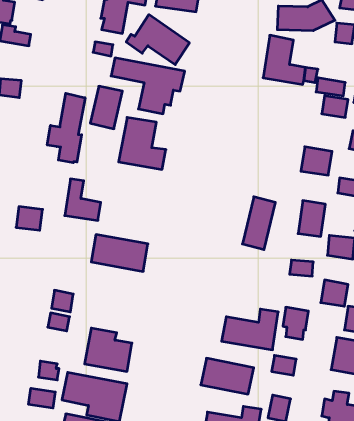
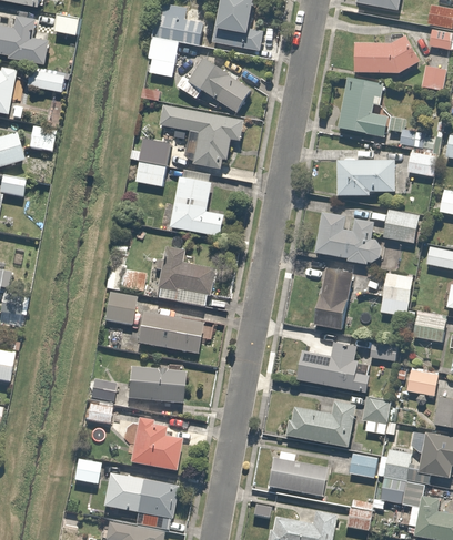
building: [47,93,85,163] -> none
building: none -> [338,159,395,195]
building: none -> [314,212,380,265]
building: none -> [154,251,215,309]
building: [16,207,43,230] -> [104,296,135,324]
building: none -> [298,339,368,393]
building: none -> [127,368,185,404]
building: none -> [381,448,422,503]
building: [29,388,55,408] -> none

